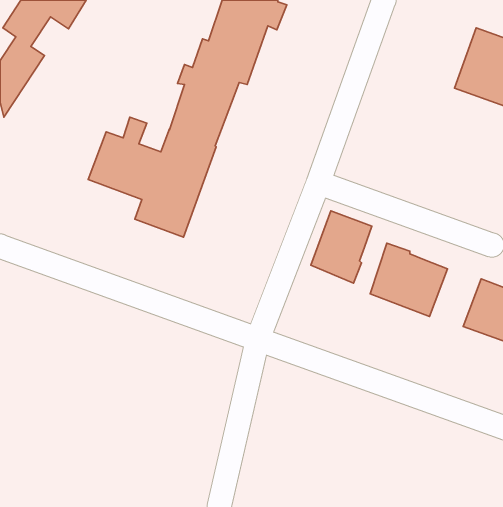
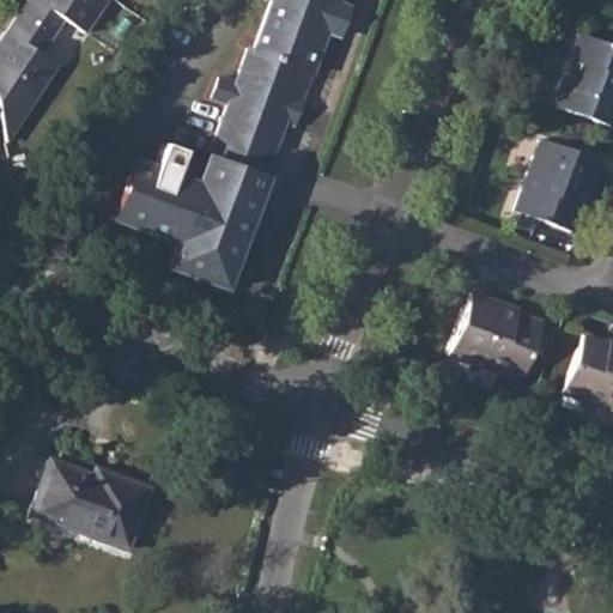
building: none -> [515,140,601,231]
building: [311,211,372,283] -> none
building: none -> [31,459,146,547]

